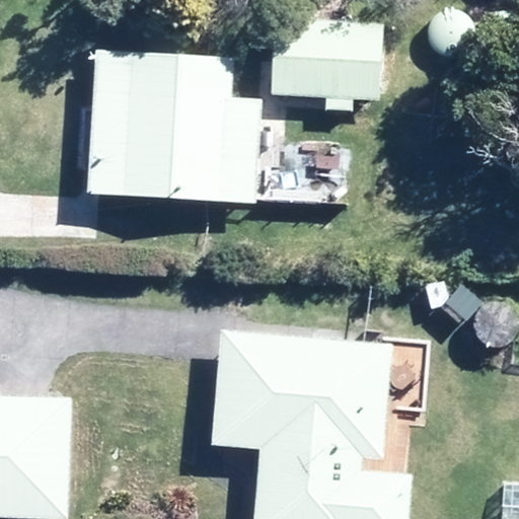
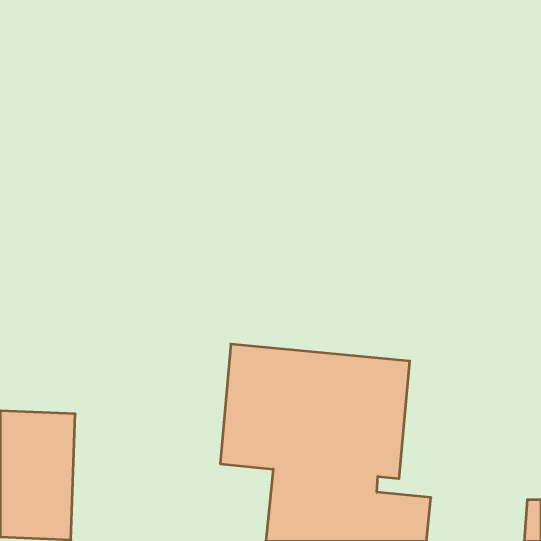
building: [270,18,381,101] -> none
building: [116,52,232,202] -> none

